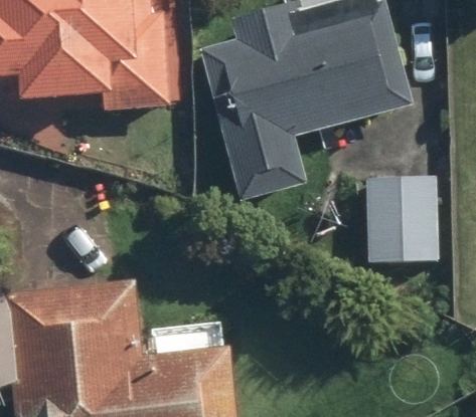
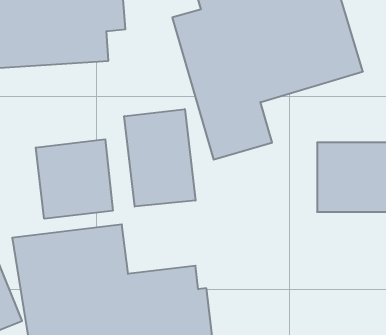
building: none -> [124,109,195,207]
building: none -> [36,139,113,219]

